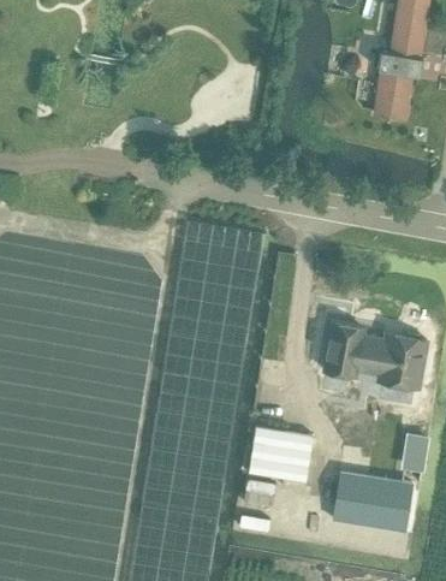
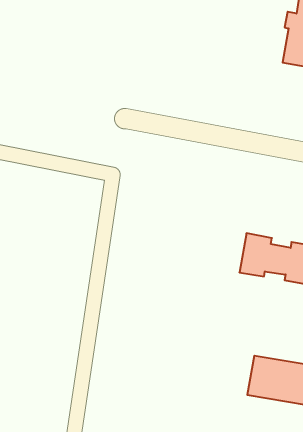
building: [249,427,314,484] -> none

